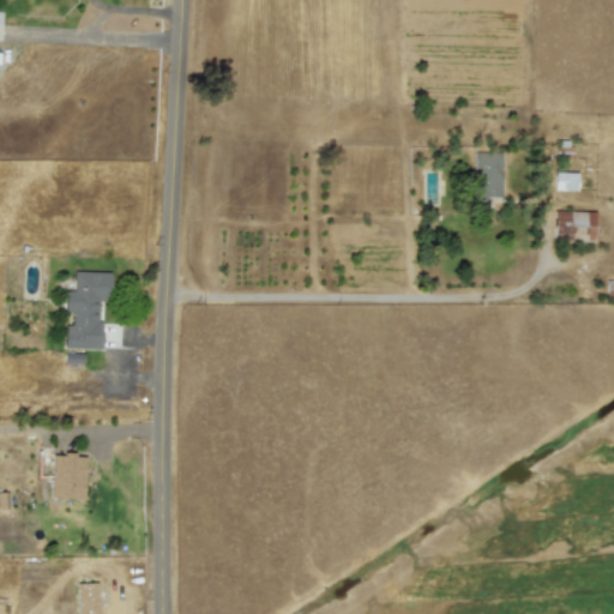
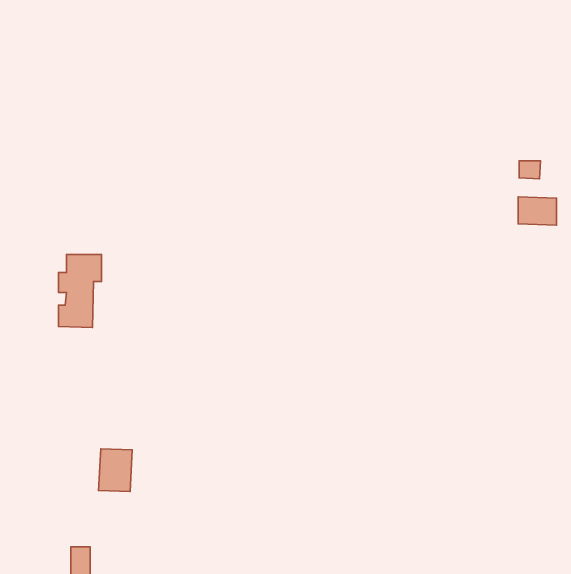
building: [476,154,506,199] -> none
building: [53,455,89,500] -> [98,449,132,492]

